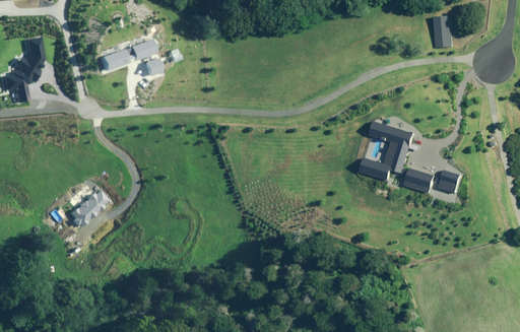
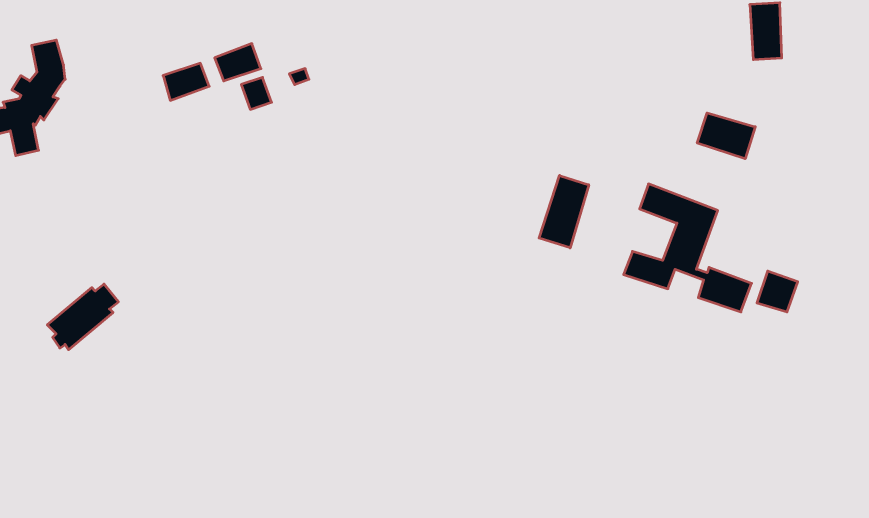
building: none -> [697,113,755,159]
building: none -> [539,175,589,248]
building: [67,189,108,226] -> [47,284,118,350]

